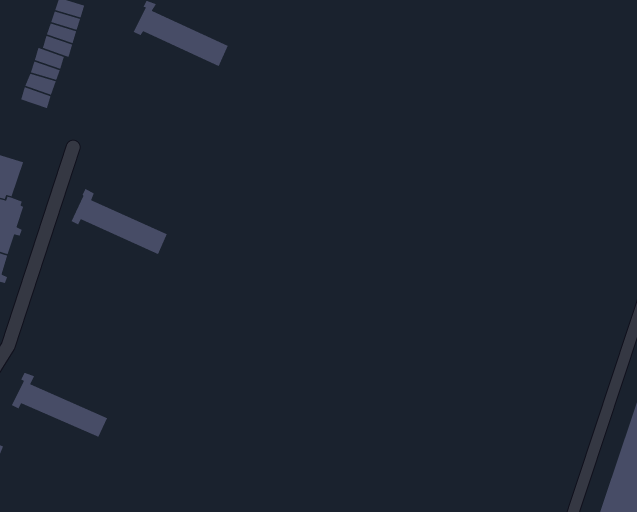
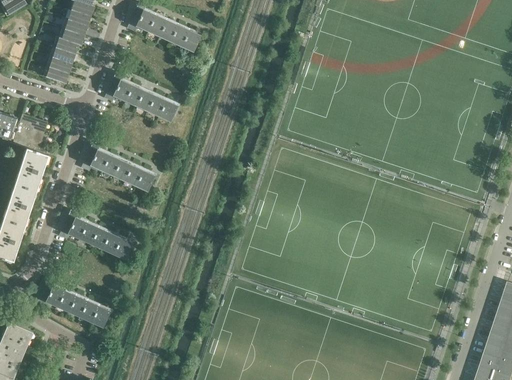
building: none -> [105,70,176,120]
building: none -> [60,208,131,257]

